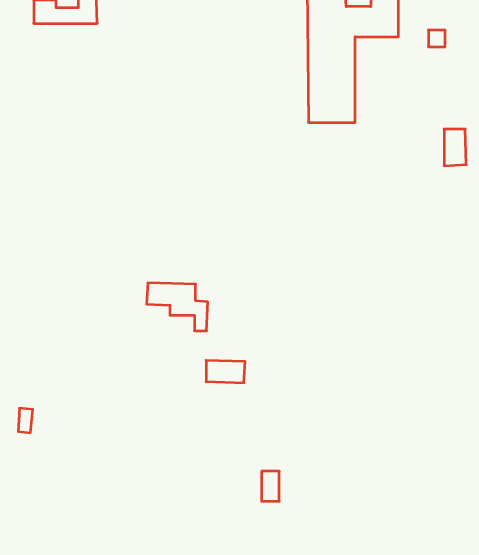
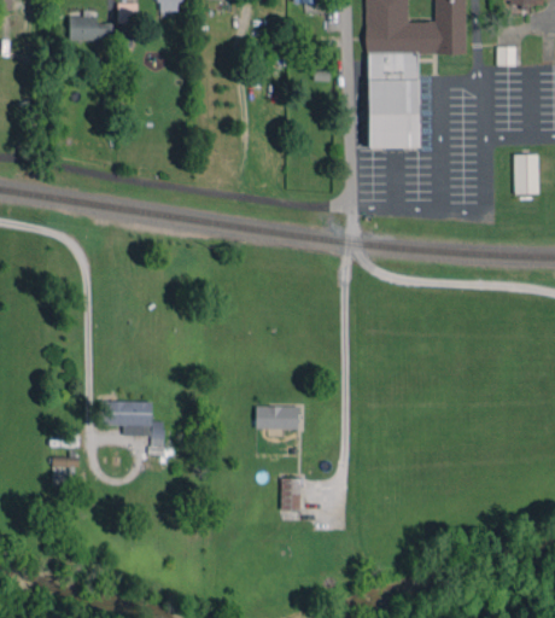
building: [147,283,208,331] -> [99,400,165,451]
building: [262,471,279,501] -> [282,477,302,509]

